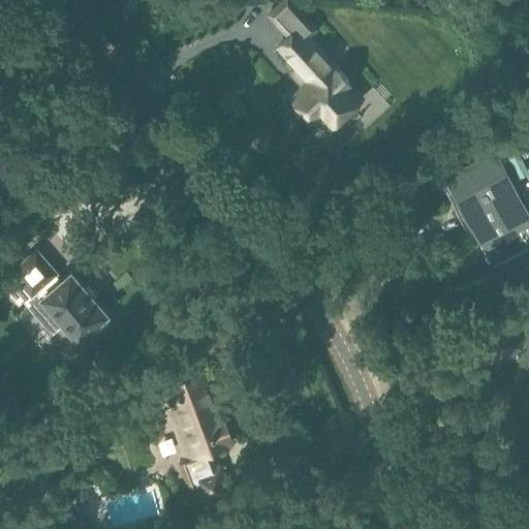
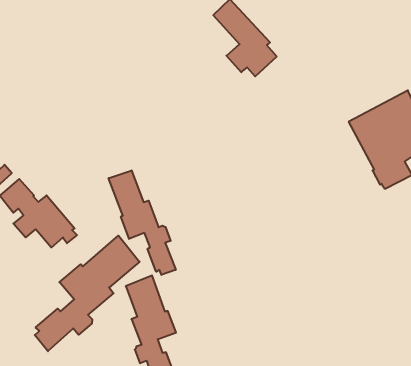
building: none -> [109,170,176,275]
building: none -> [35,236,140,351]

